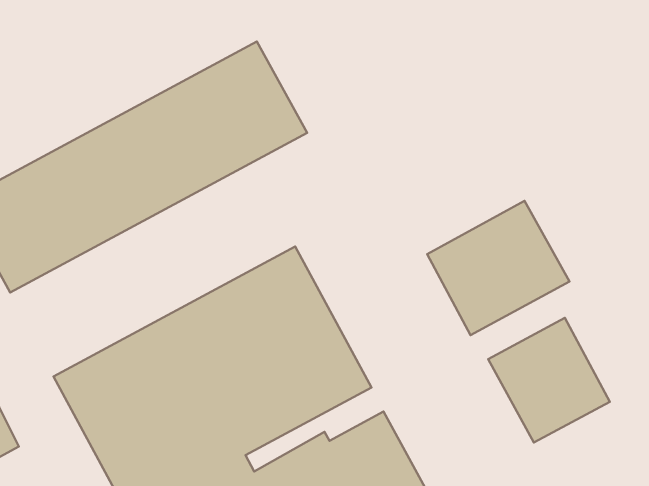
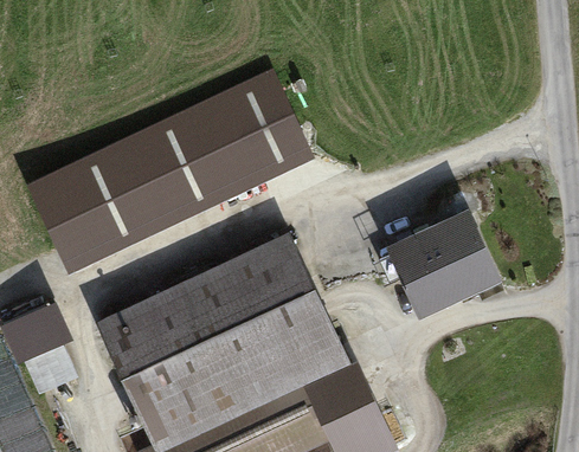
building: [488,318,610,442] -> none

